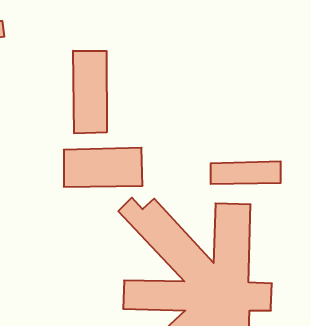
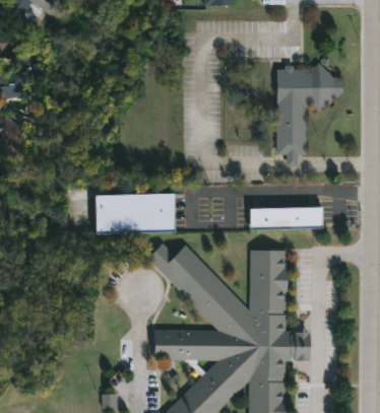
building: none -> [274,63,341,164]
building: [73,51,107,133] -> none

